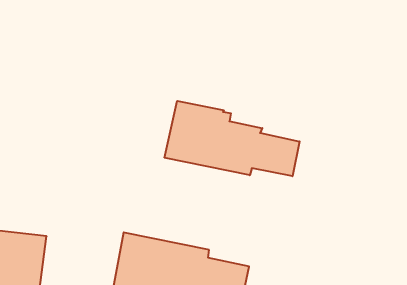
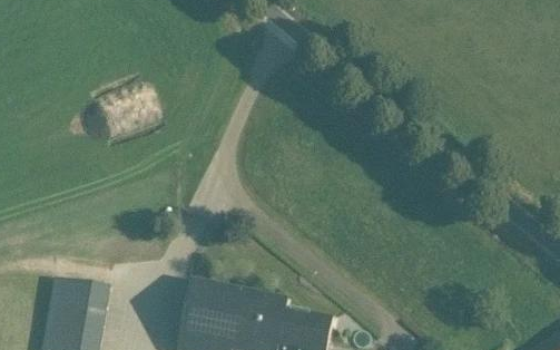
building: [165,101,300,176] -> none

